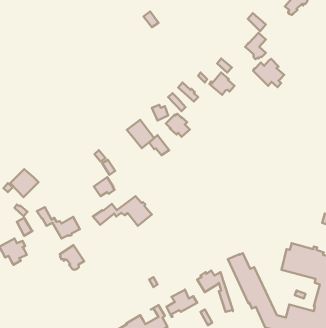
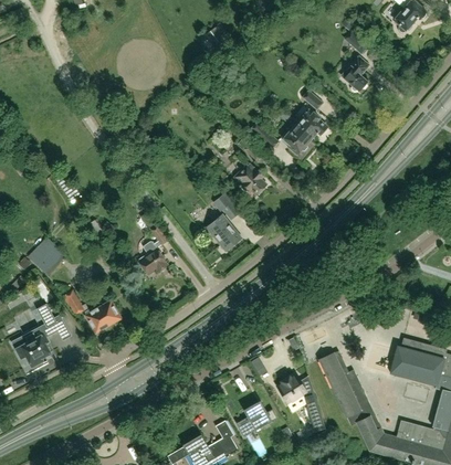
building: [253,59,284,87] -> none
building: none -> [281,125,310,155]
building: [127,120,154,148] -> [204,214,241,252]
building: [93,196,152,226] -> none
building: [60,245,84,270] -> none

